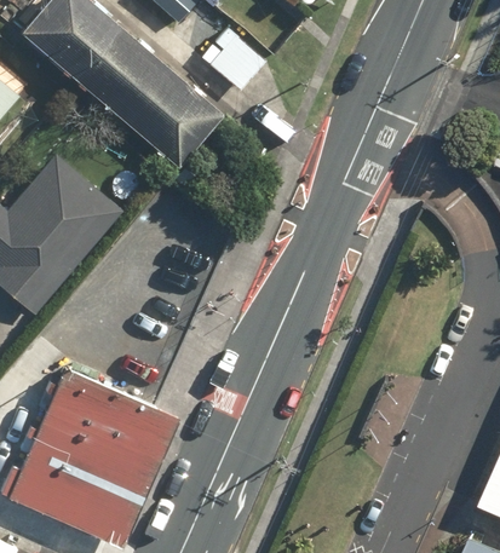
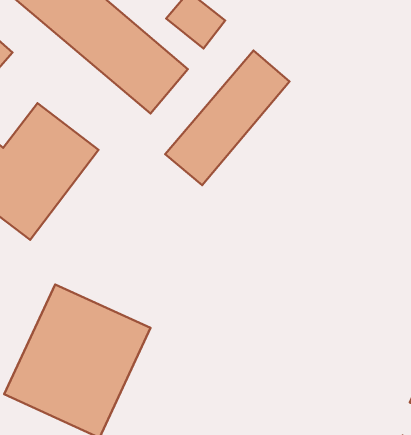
building: none -> [165,50,290,185]

